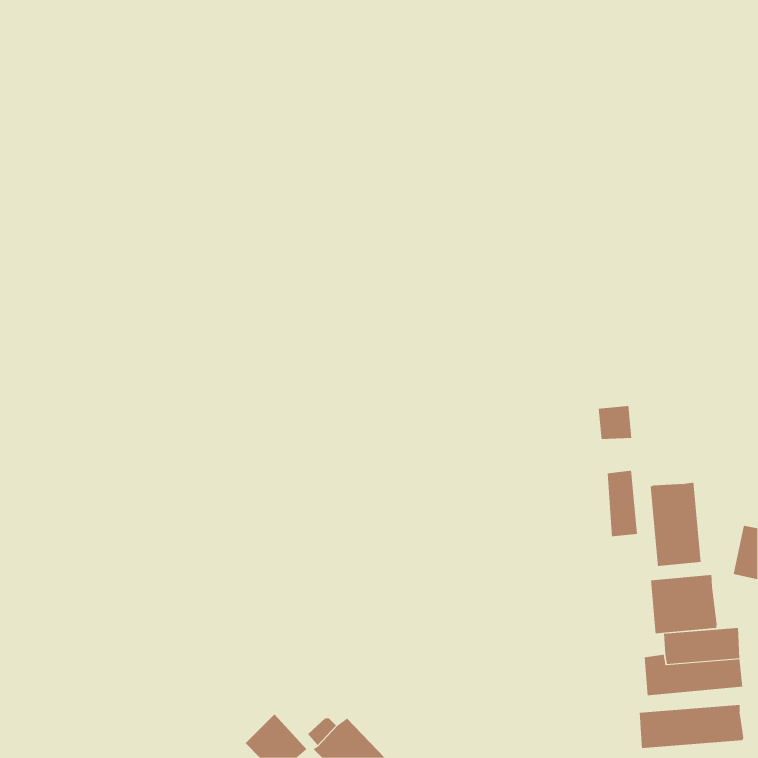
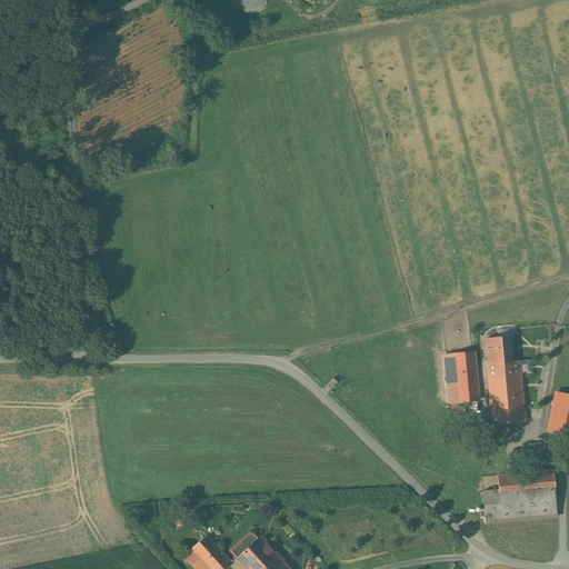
building: [598,405,632,439] -> [487,338,512,363]
building: [650,574,717,634] -> none
building: [639,704,744,749] -> none

